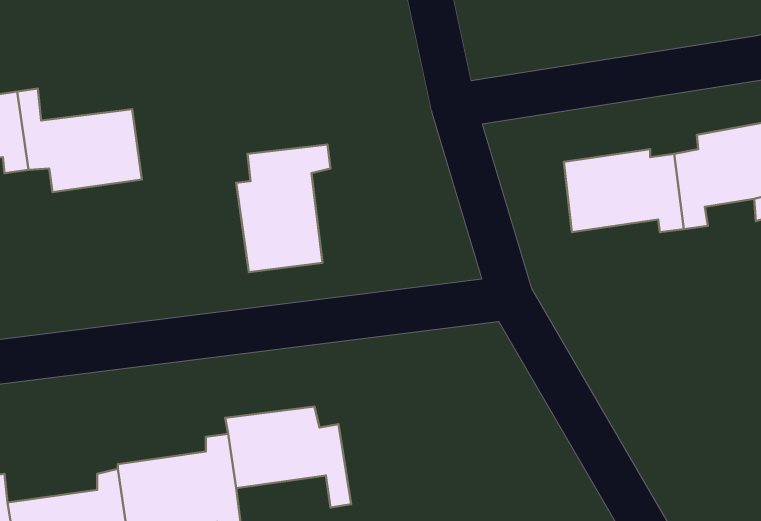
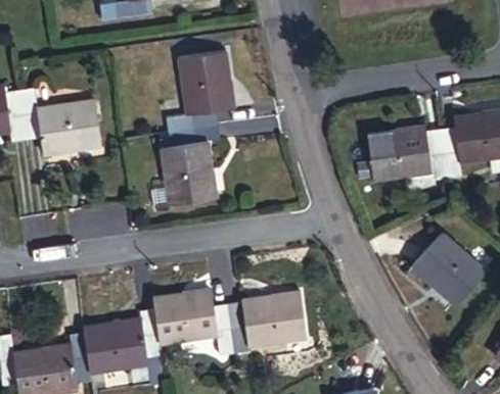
building: none -> [166,52,232,130]
building: none -> [414,234,485,303]
building: none -> [225,293,306,353]

